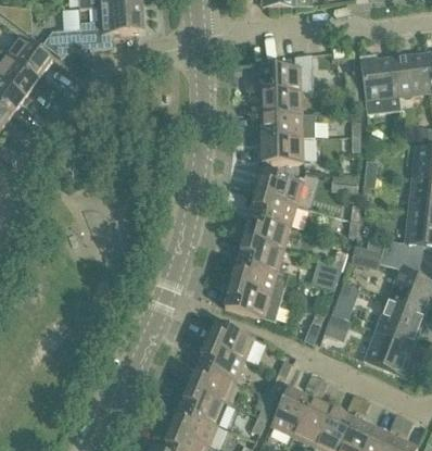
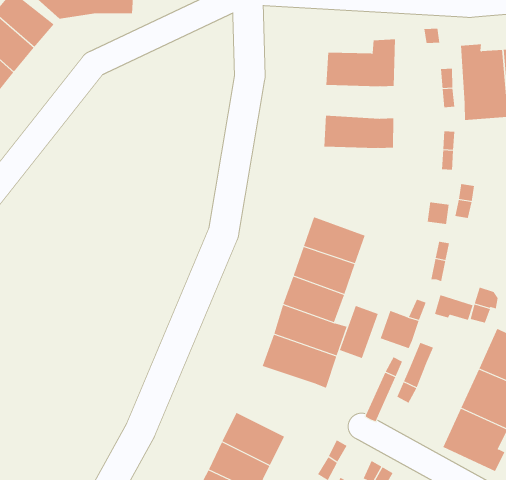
building: [261,91,303,115] -> none
building: [262,138,304,163] -> none
building: [257,170,304,204] -> none
building: none -> [339,305,378,359]
building: [207,322,255,360] -> none

